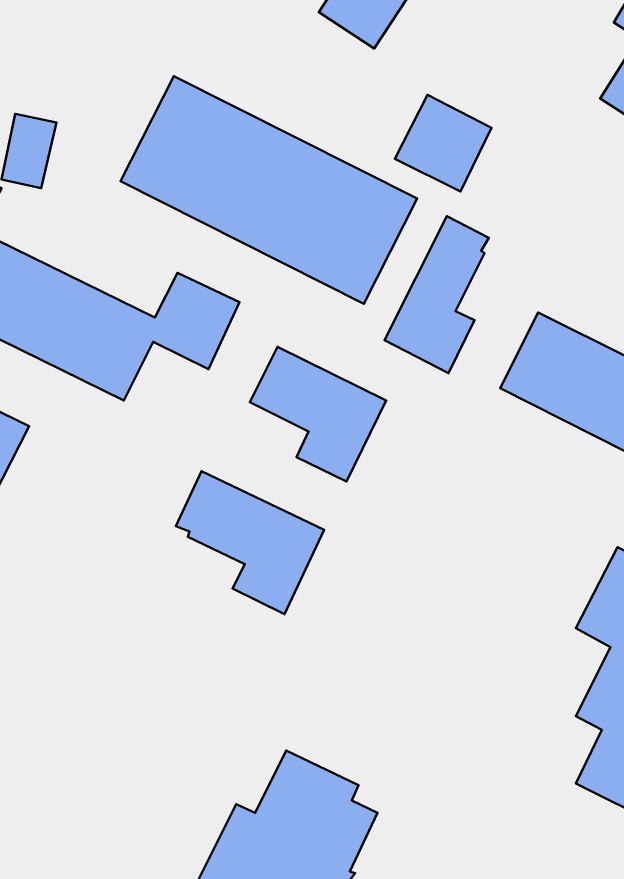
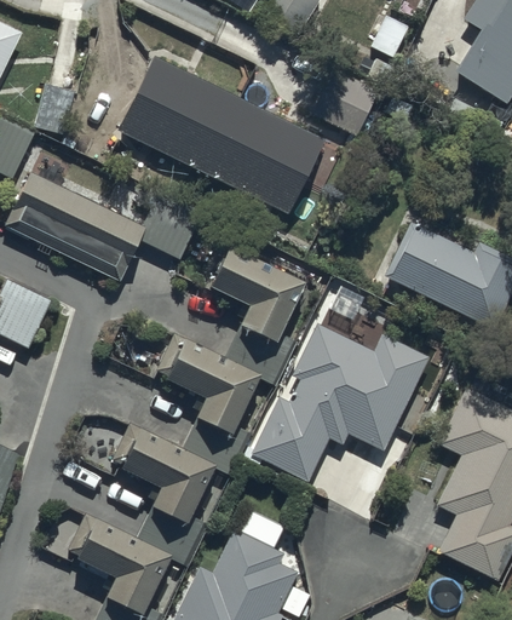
building: [384,216,489,373] -> none
building: none -> [252,322,430,481]
building: none -> [110,421,215,523]
building: none -> [65,511,172,613]

